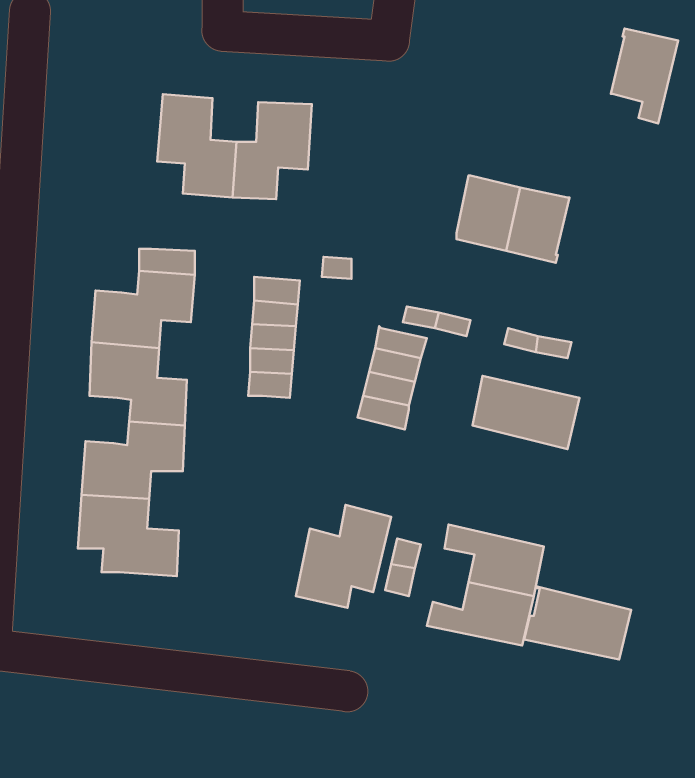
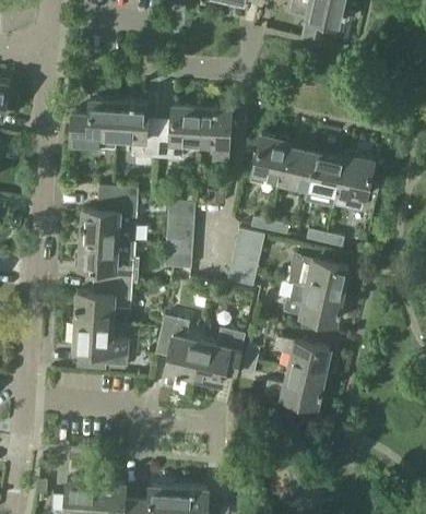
building: [611,28,678,124] -> [336,155,374,207]
building: none -> [70,100,120,151]
building: none -> [200,108,230,164]
building: none -> [250,135,289,184]
building: none -> [157,316,201,379]
building: [524,586,631,659] -> [284,285,343,325]

